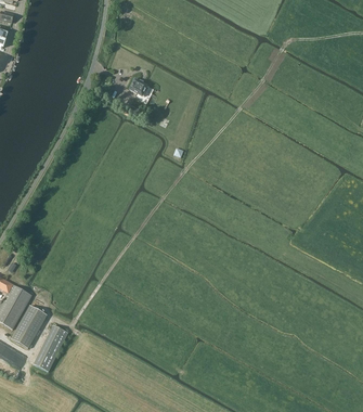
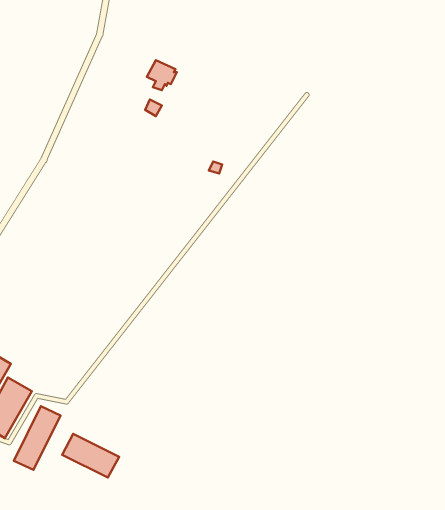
building: none -> [62,434,119,478]

